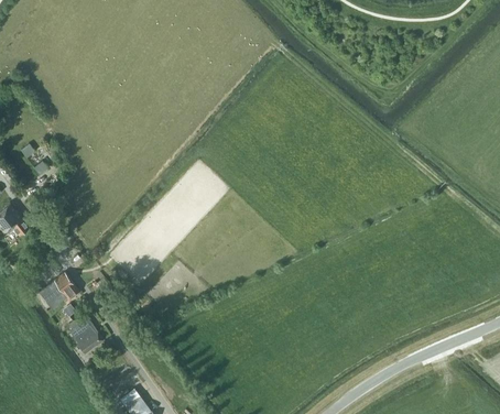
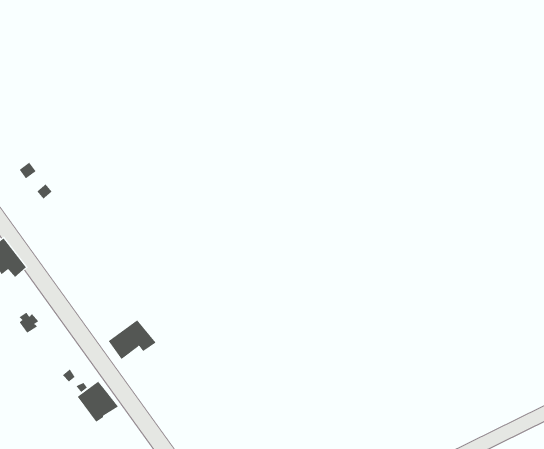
building: [40,273,79,306] -> [108,319,156,360]

